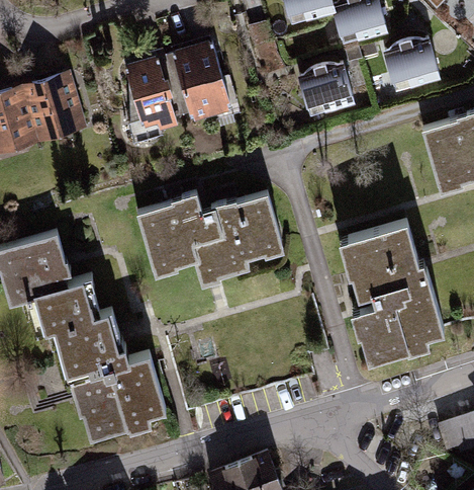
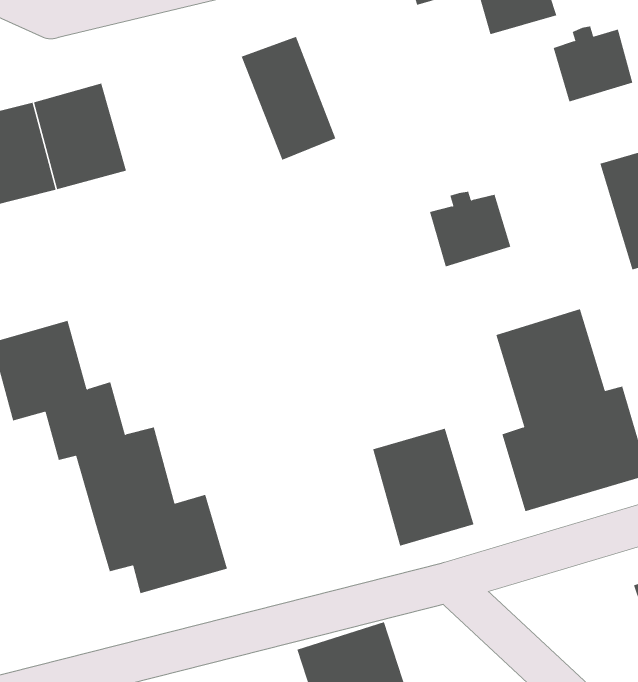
building: [122,55,183,140] -> none
building: [299,58,356,110] -> [429,191,511,267]
building: [136,195,285,292] -> none
building: none -> [372,428,474,547]

